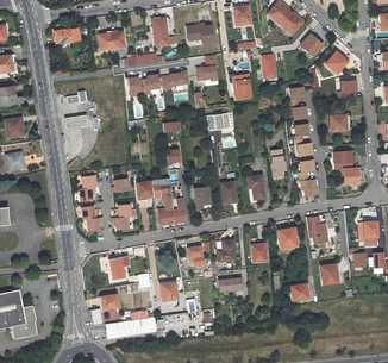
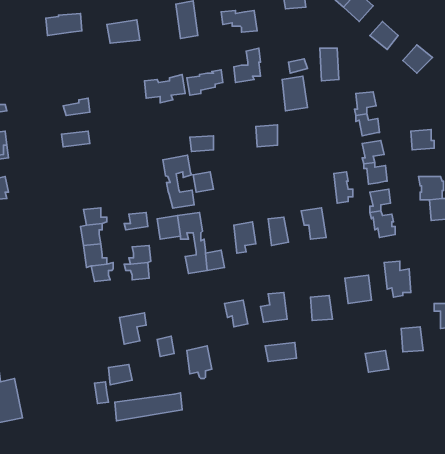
building: none -> [163,155,194,208]

